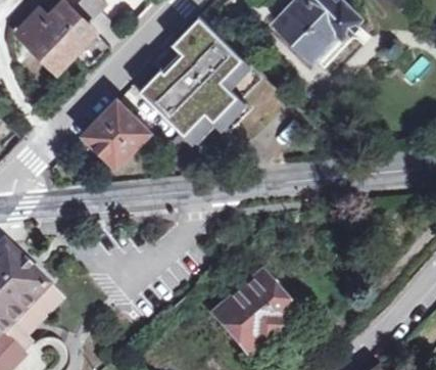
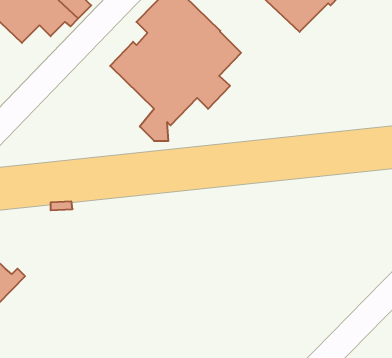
building: [83,100,149,166] -> none
building: [213,273,293,353] -> none

